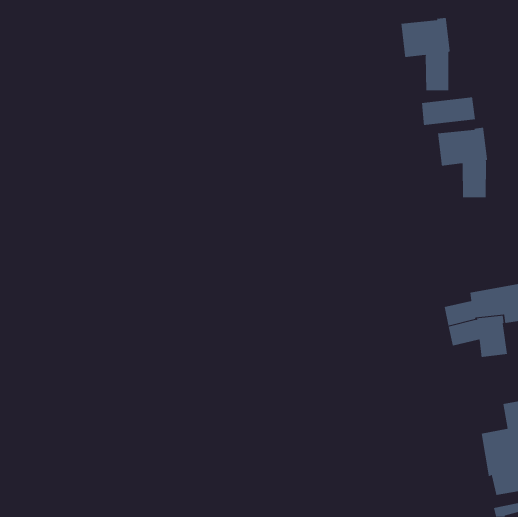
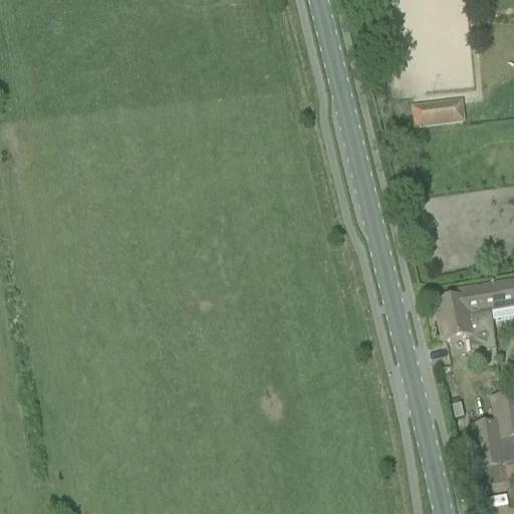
building: [401,17,450,91] -> none
building: [437,127,488,198] -> none

